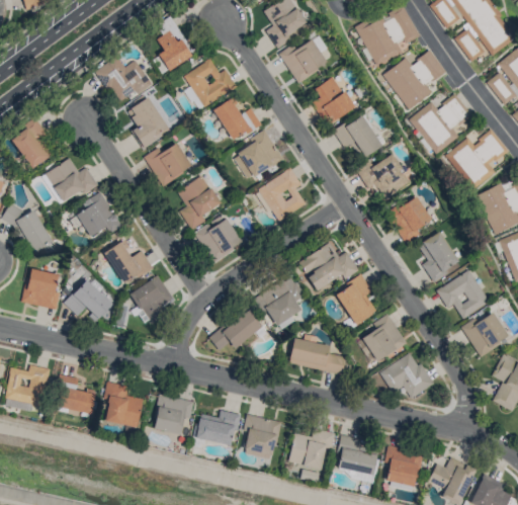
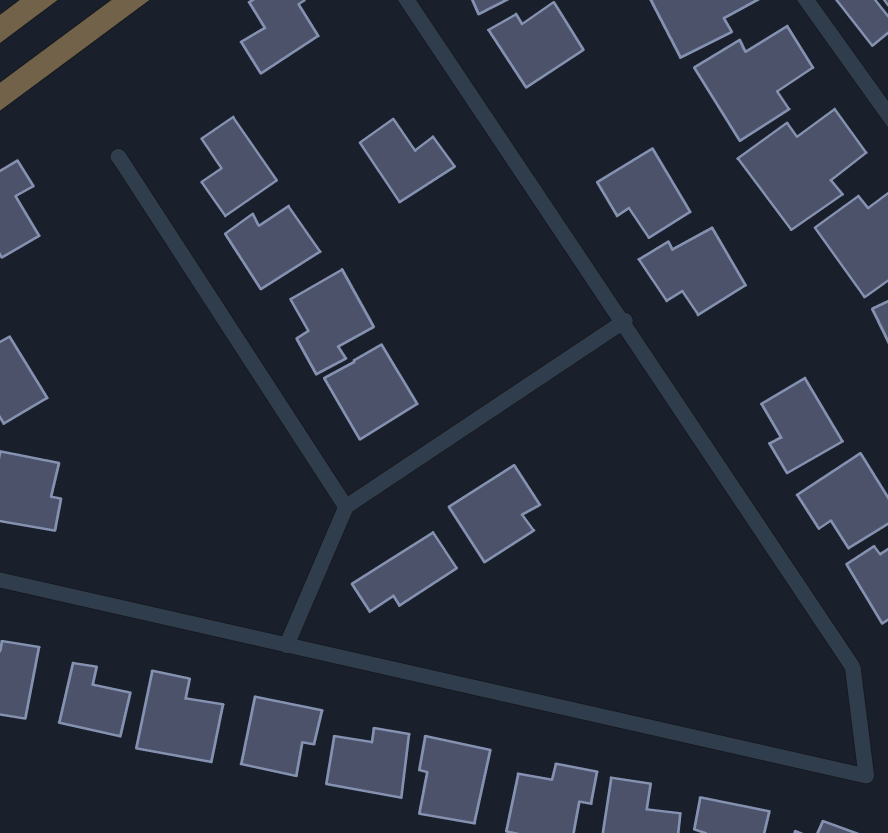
building: [96,56,154,102] -> none
building: [185,59,238,106] -> none
building: [310,76,354,123] -> none
building: [232,132,284,180] -> none
building: [47,158,99,201] -> none
building: [259,168,307,221] -> none
building: [78,191,121,236] -> none
building: [387,194,432,243] -> none
building: [105,239,153,283] -> none
building: [298,242,359,290] -> none
building: [132,274,174,324] -> none
building: [335,274,377,325] -> none
building: [65,279,113,319] -> none
building: [362,313,408,361] -> none
building: [290,338,346,373] -> none
building: [385,351,433,398] -> none

